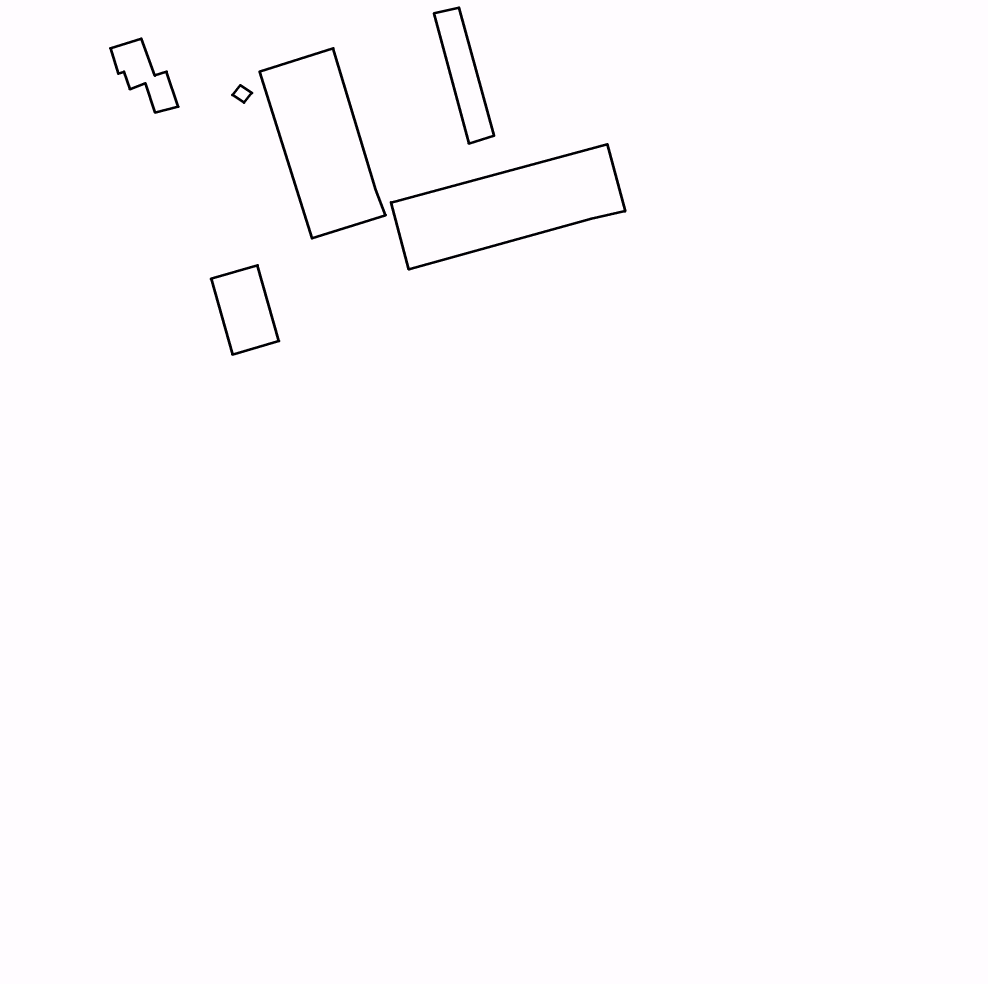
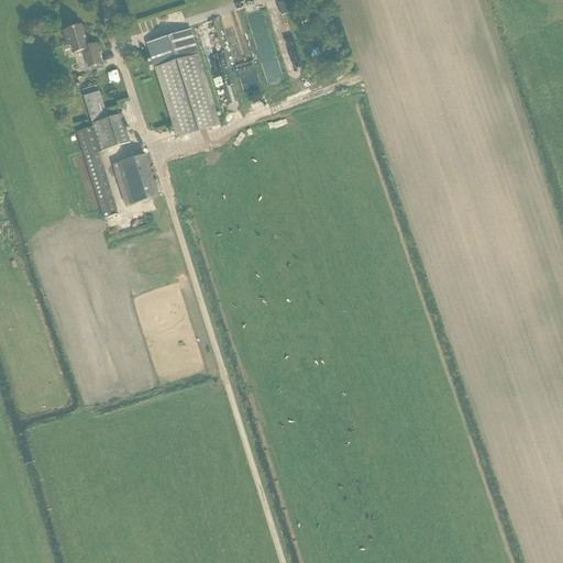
building: [391,144,625,269] -> none
building: none -> [76,89,130,216]

